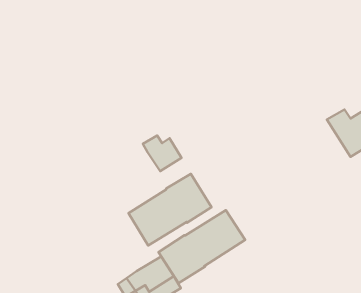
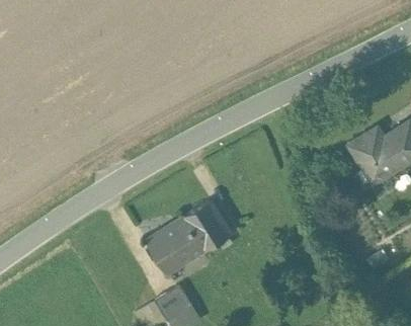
building: [143,135,182,171] -> none
building: [158,210,245,283] -> none

